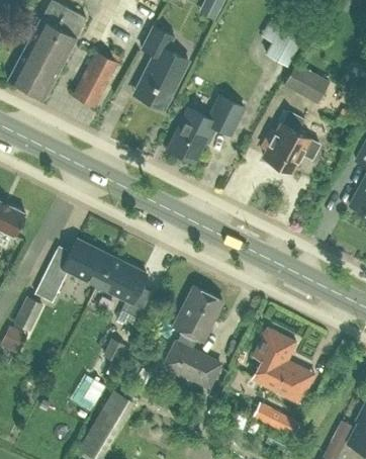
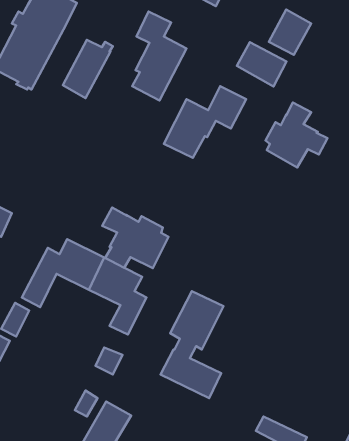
building: [283,64,330,105] -> [237,42,287,86]
building: none -> [102,208,169,268]
building: [252,328,314,403] -> none

